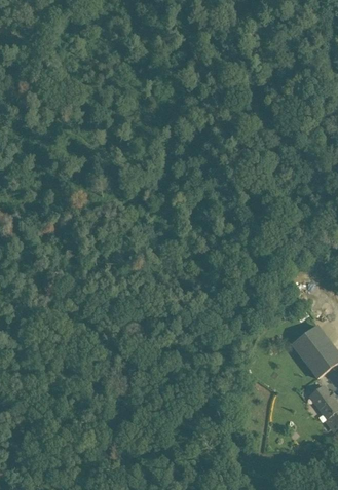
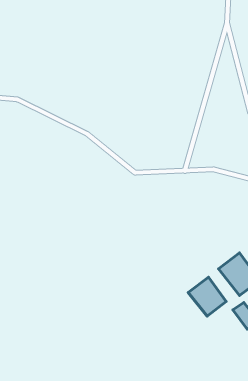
building: none -> [188,277,226,316]

